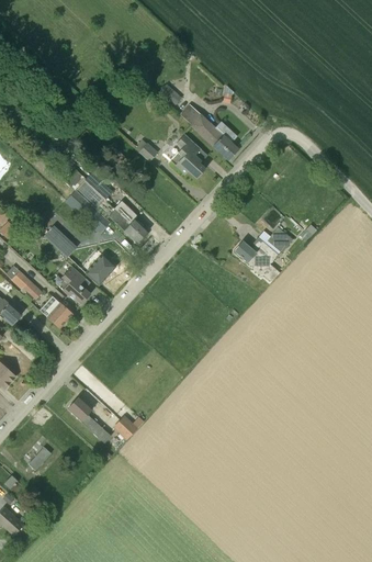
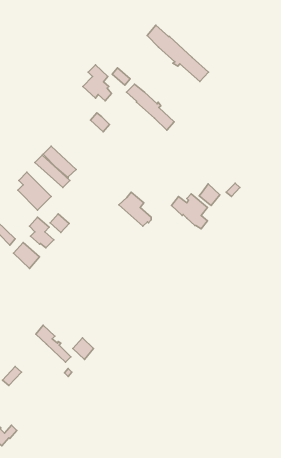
building: none -> [147,25,209,82]
building: [170,134,205,178] -> [83,65,112,101]
building: [108,201,147,243] -> [119,192,151,226]

